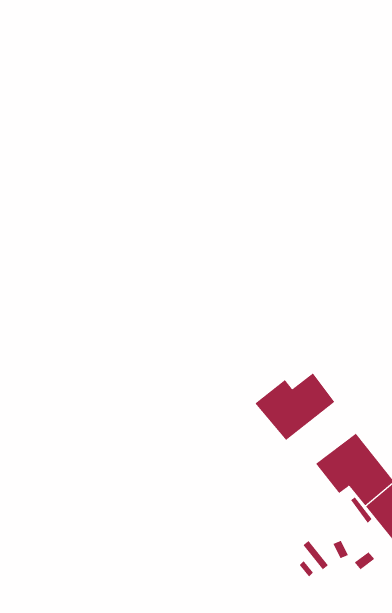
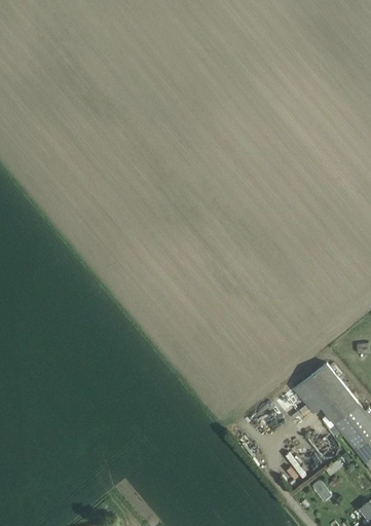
building: [255,372,335,441] -> none

